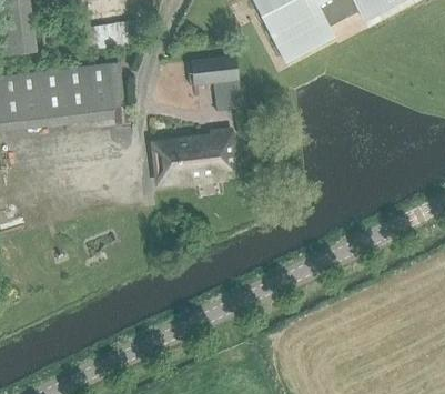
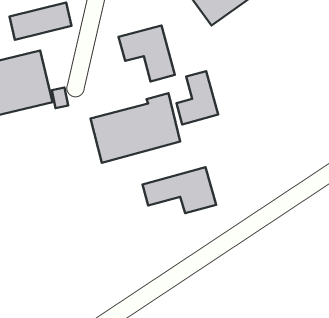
building: none -> [177,71,218,124]
building: none -> [142,167,216,213]

